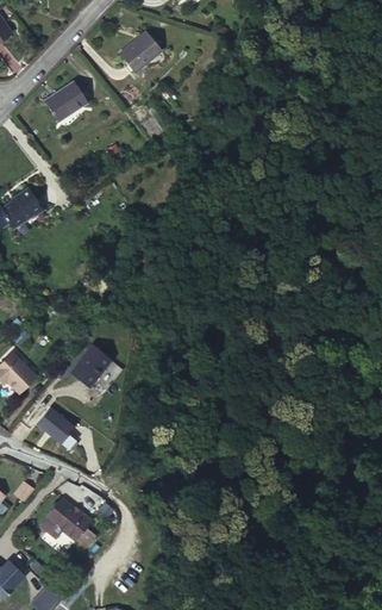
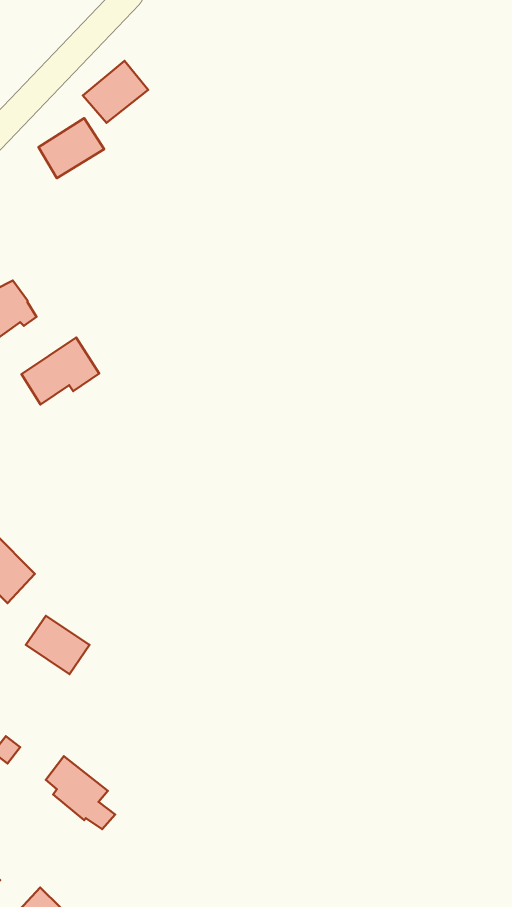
building: [119,31,162,71] -> [83,61,148,123]
building: none -> [21,337,99,405]
building: [68,344,114,392] -> none

